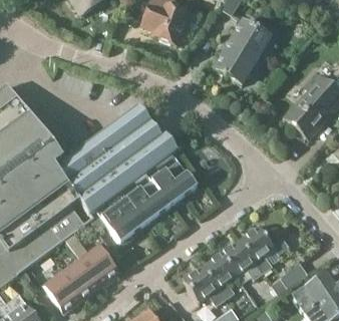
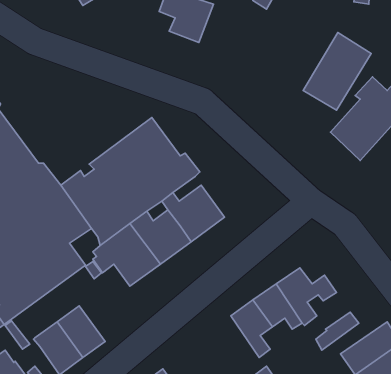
building: [216,19,271,82] -> [303,33,371,110]
building: [79,244,119,287] -> none
building: [183,266,226,306] -> none

